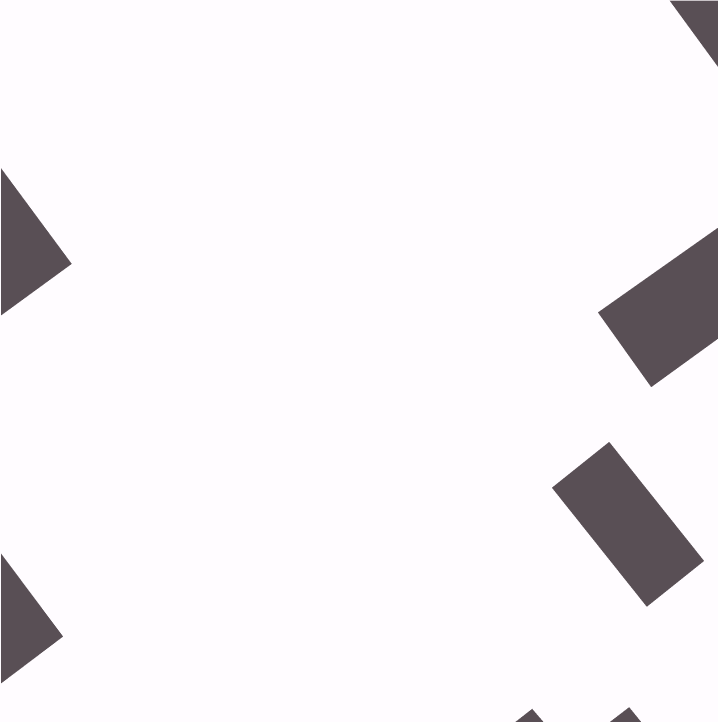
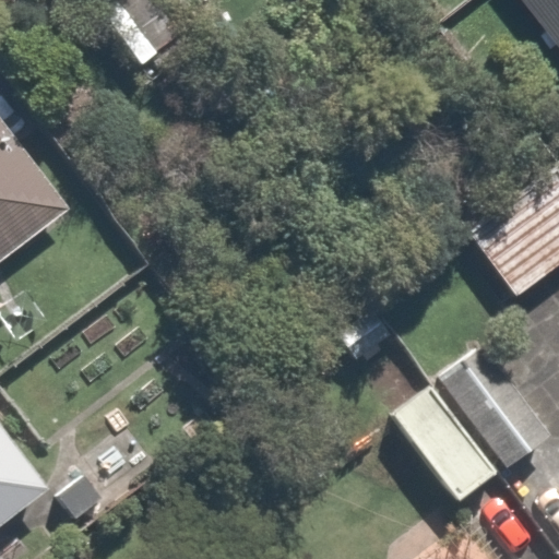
building: none -> [383,379,503,508]

